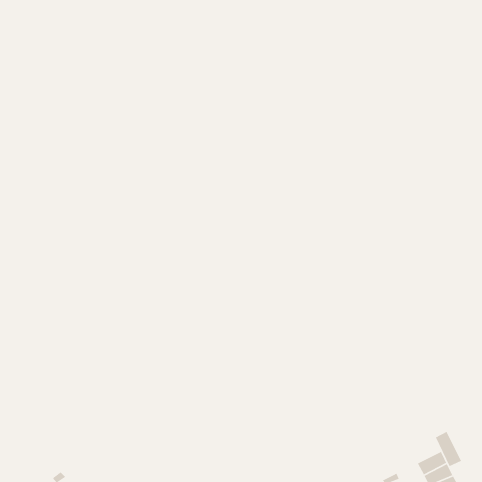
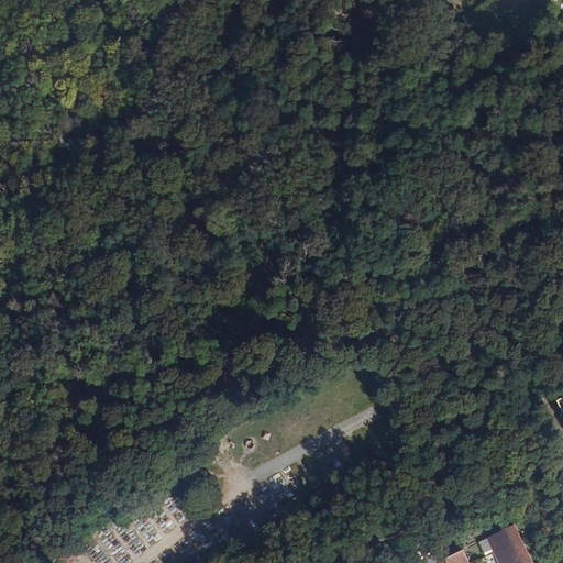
building: [435,431,462,467] -> none

